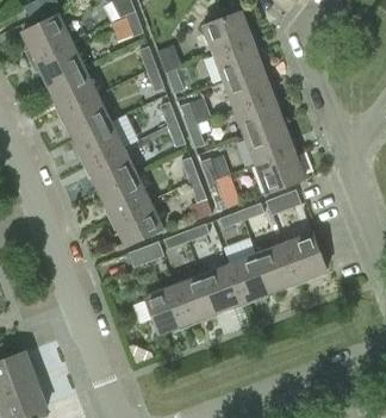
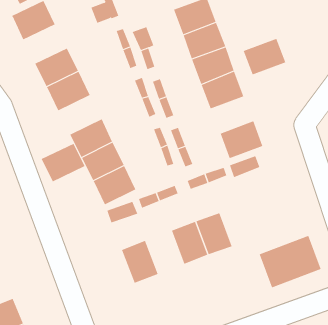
building: [35,42,85,86] -> none
building: [74,121,124,166] -> [41,143,85,182]
building: [245,123,294,164] -> [243,38,286,75]
building: [256,232,326,292] -> [259,235,321,288]
building: [173,274,216,323] -> none

